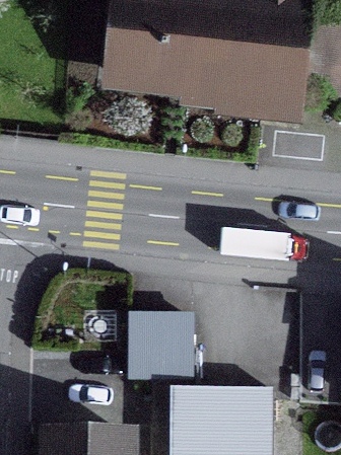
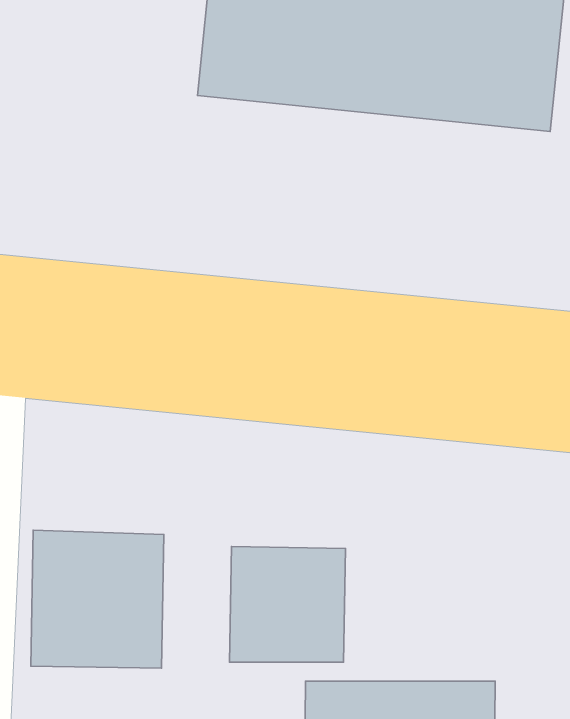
building: none -> [31,530,164,668]

